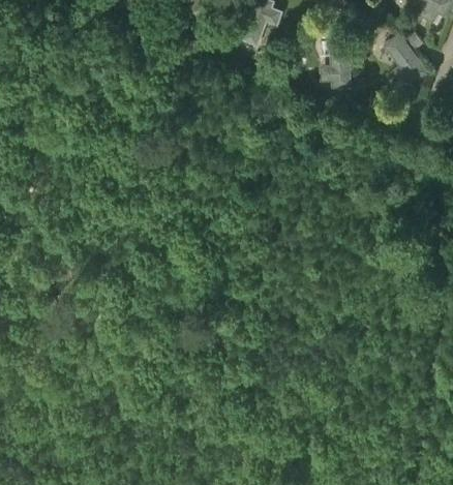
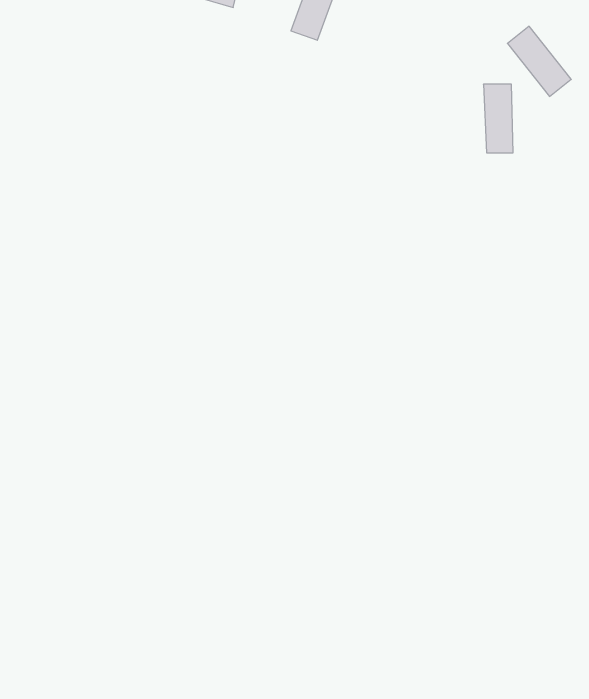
building: [331,40,351,86] -> [483,84,513,153]

